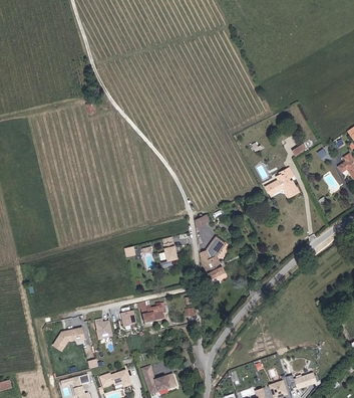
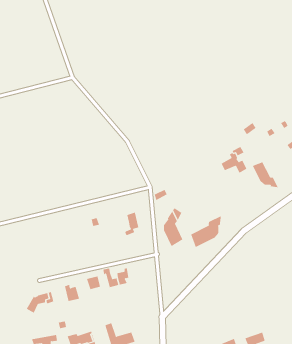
building: none -> [252,161,279,188]
building: none -> [191,215,221,248]

